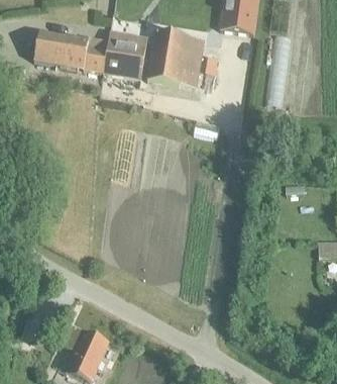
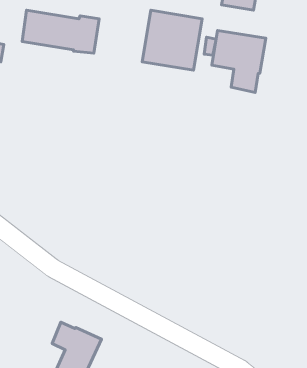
building: [102,31,146,78] -> none
building: none -> [212,30,266,93]

